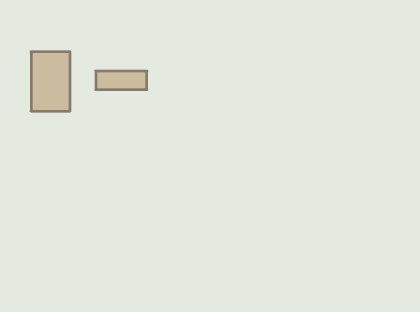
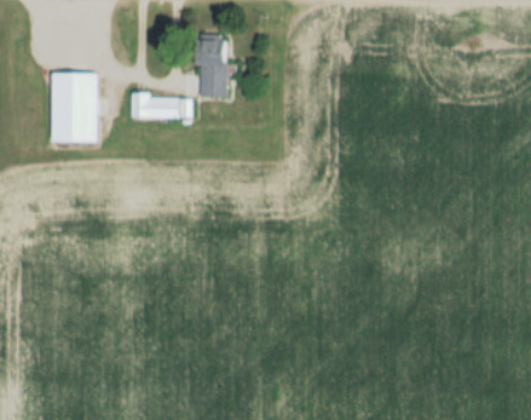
building: none -> [200,35,226,97]

